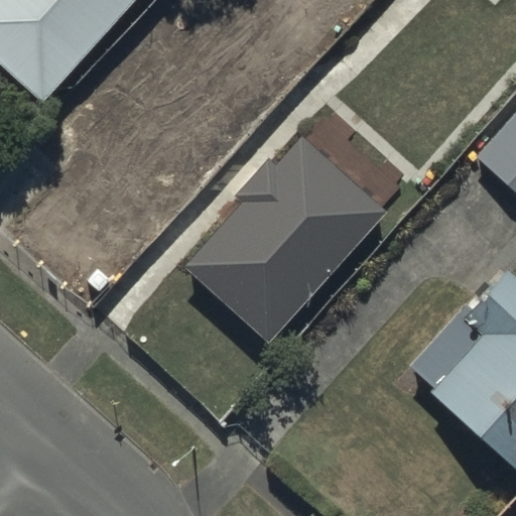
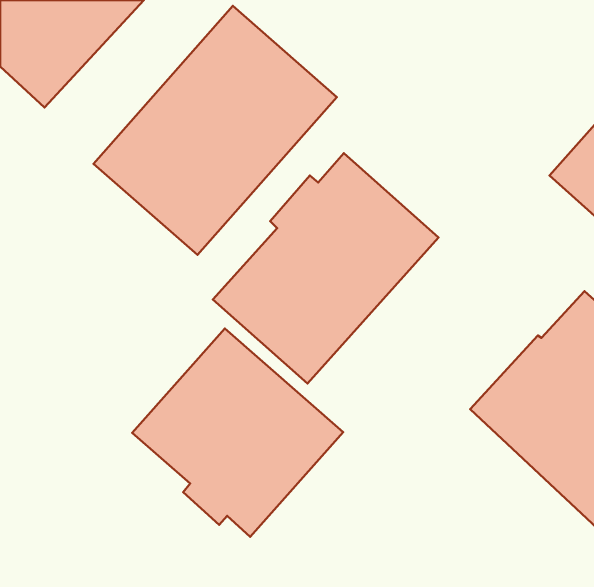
building: none -> [132,328,343,537]

